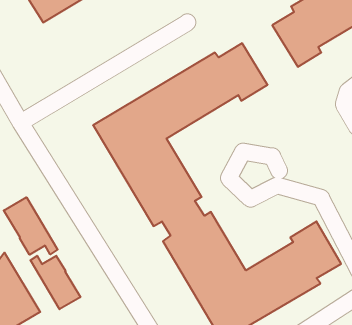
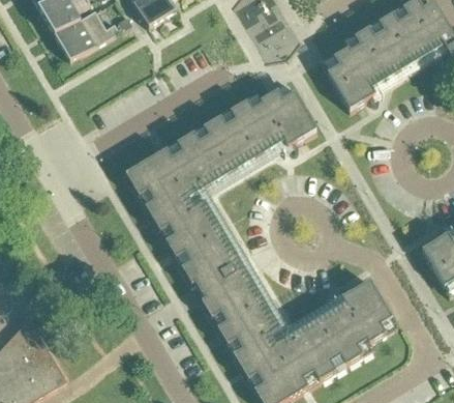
building: [4,197,58,255] -> none
building: [30,256,80,309] -> none

